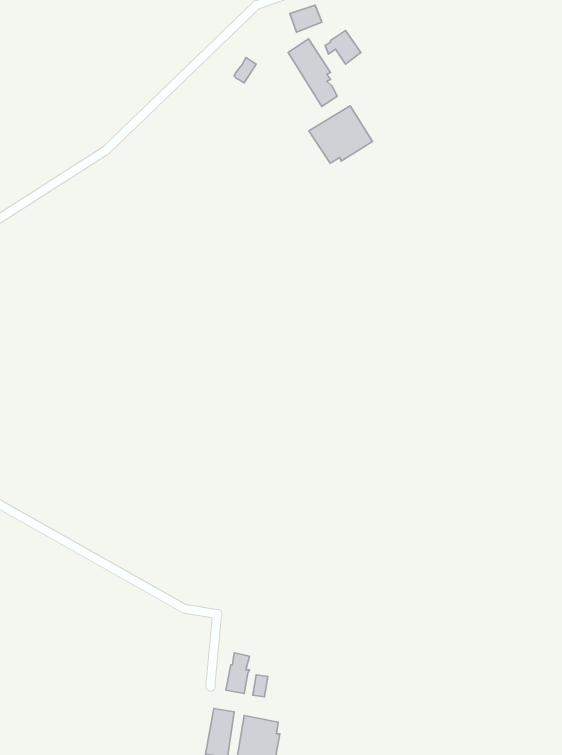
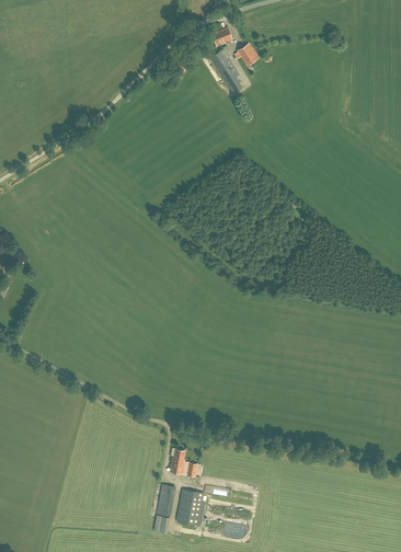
building: [309,106,373,163] -> none

